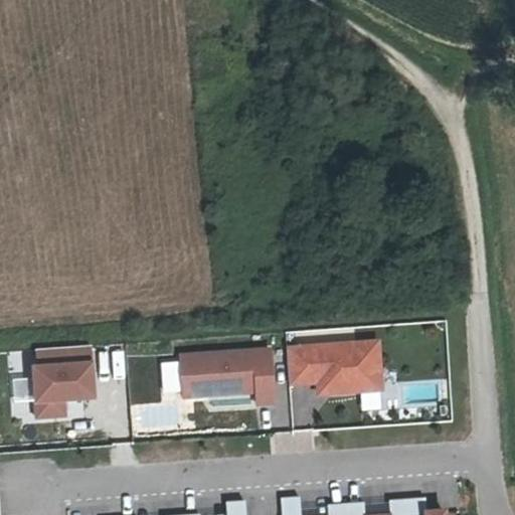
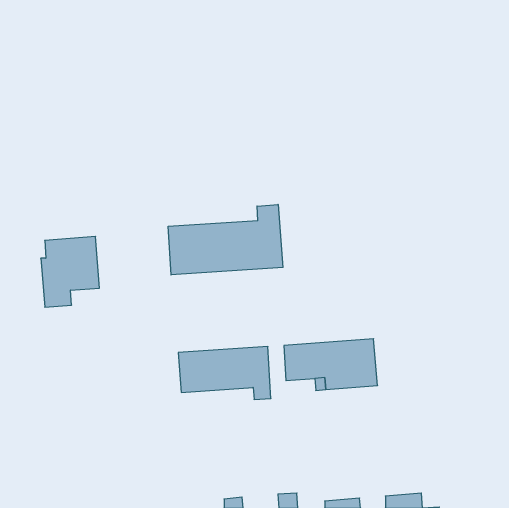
building: none -> [168,204,283,275]
building: [32,347,92,418] -> [41,236,99,307]

